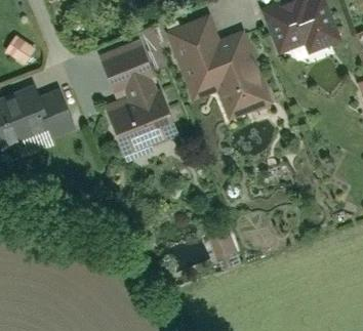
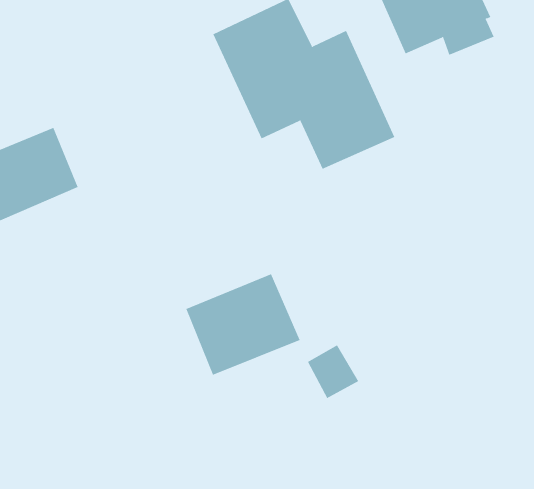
building: [100,43,154,95] -> none
building: [110,92,178,152] -> [186,274,300,375]

